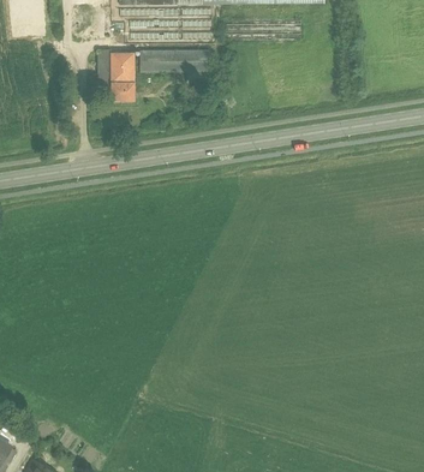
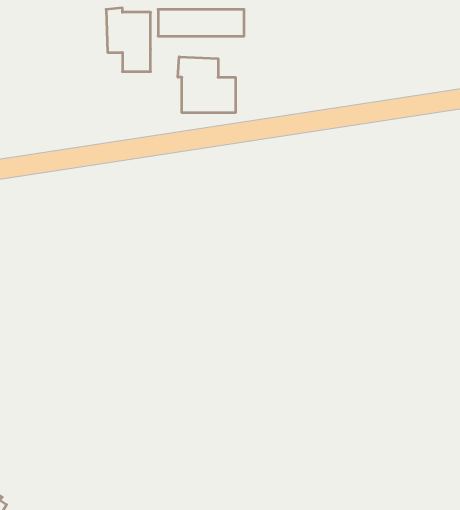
building: none -> [178,57,235,113]

